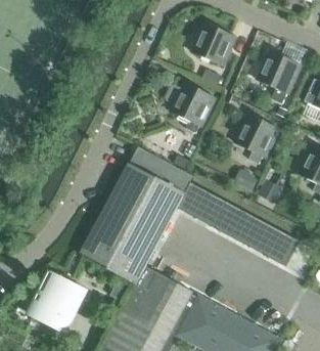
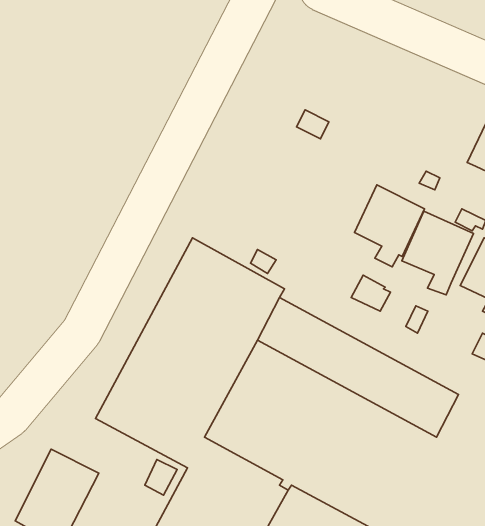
building: [193,24,235,65] -> none
building: [258,51,301,101] -> [402,211,473,295]
building: [167,83,215,133] -> none

